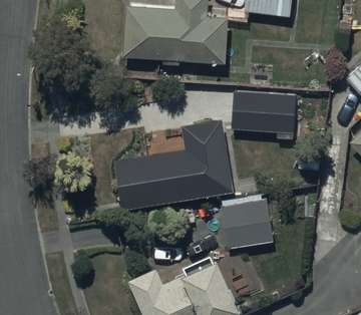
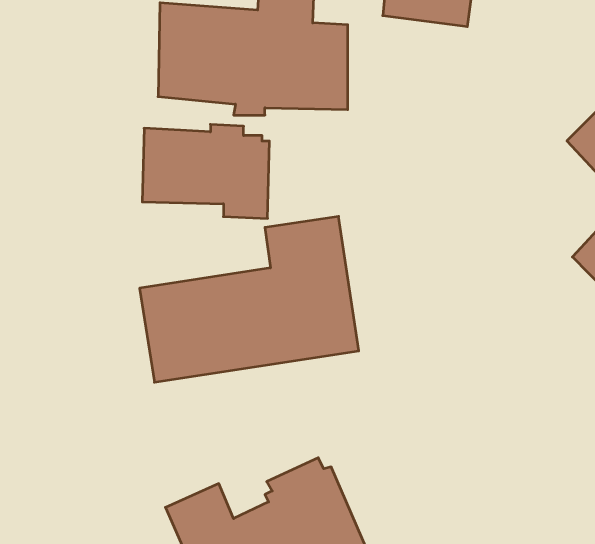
building: [232,89,301,140] -> [142,124,269,218]
building: [221,197,274,251] -> none

